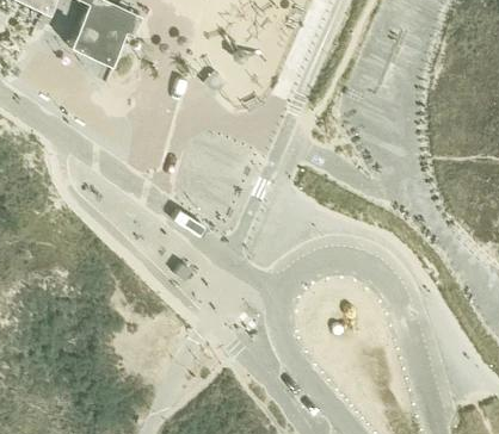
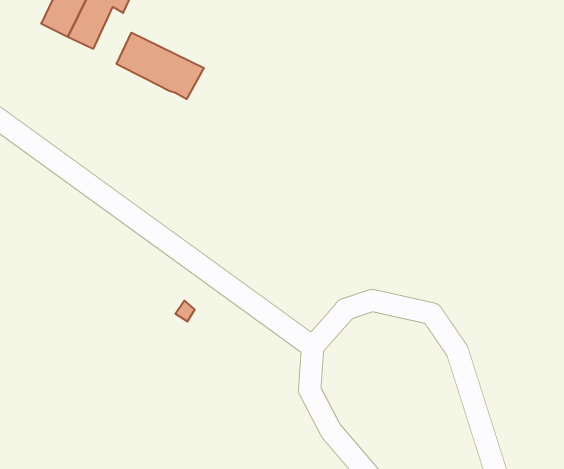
building: none -> [117,33,204,99]

